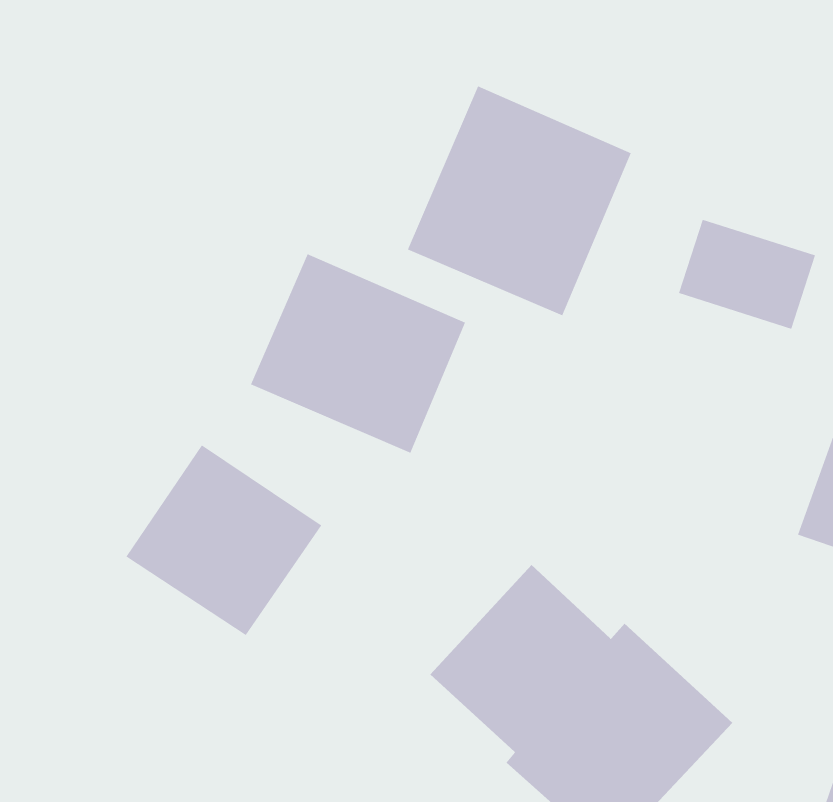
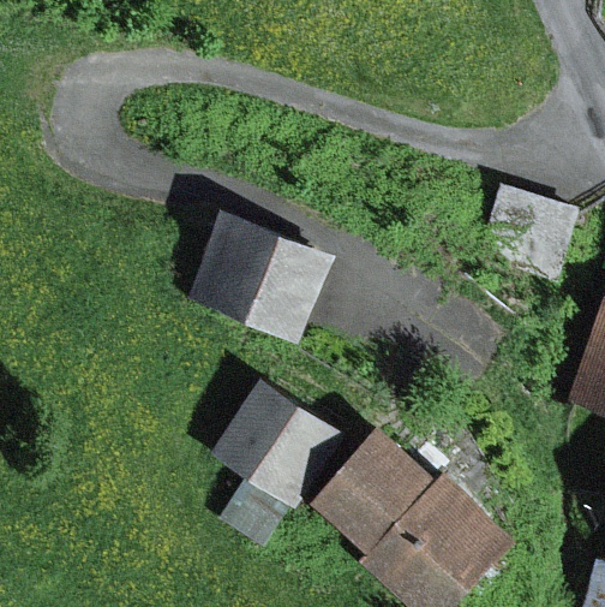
building: [407,85,632,316] -> none
building: [125,444,322,636] -> [209,379,346,512]

